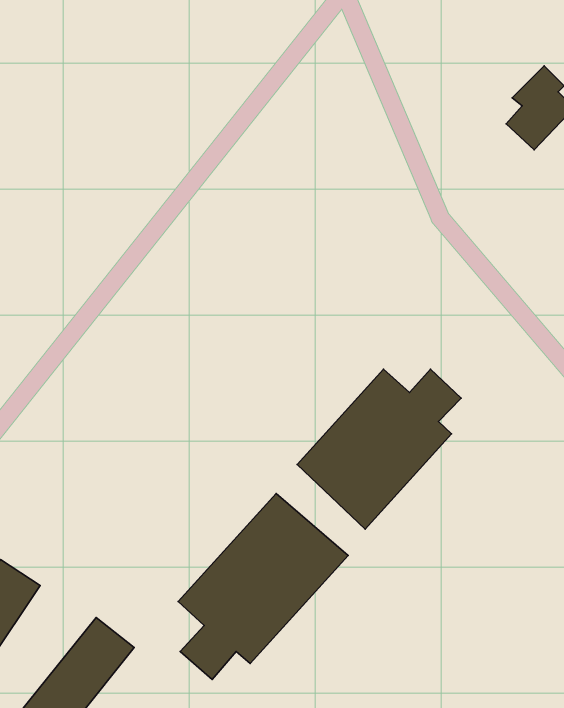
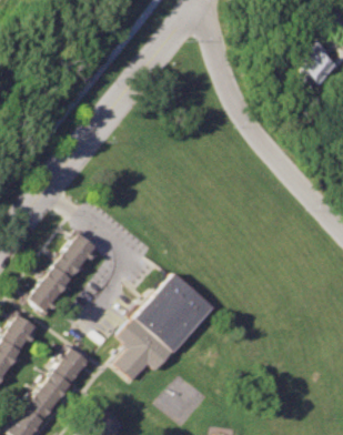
building: [297,369,461,529] -> none
building: none -> [28,232,101,313]

